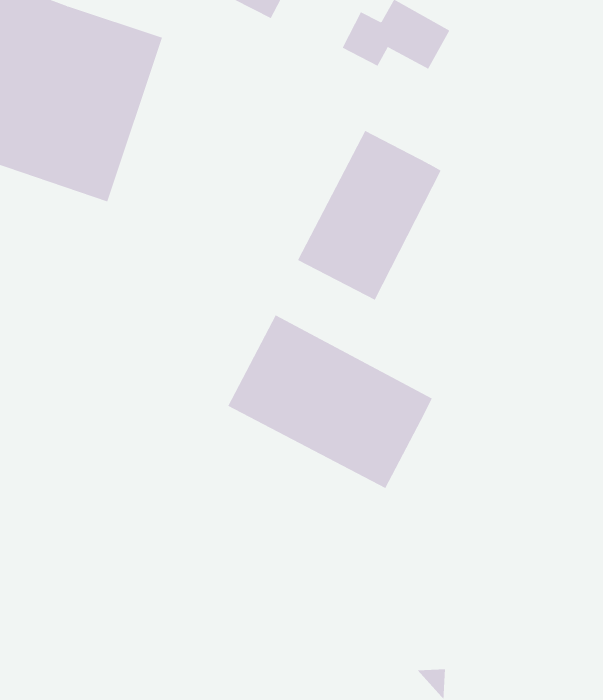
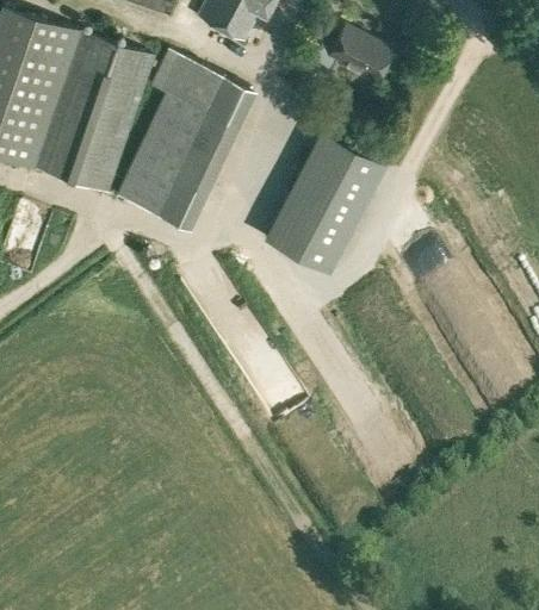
building: none -> [116,49,255,231]
building: [227,314,432,489] -> none

